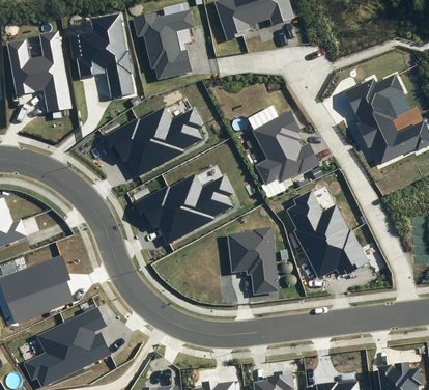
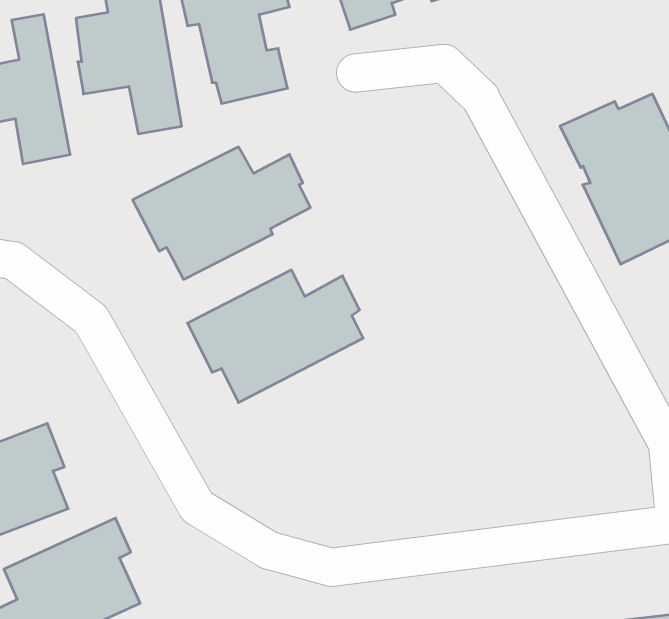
building: [252,109,319,185] -> none
building: [286,191,368,279] -> none
building: [226,226,280,294] -> none

